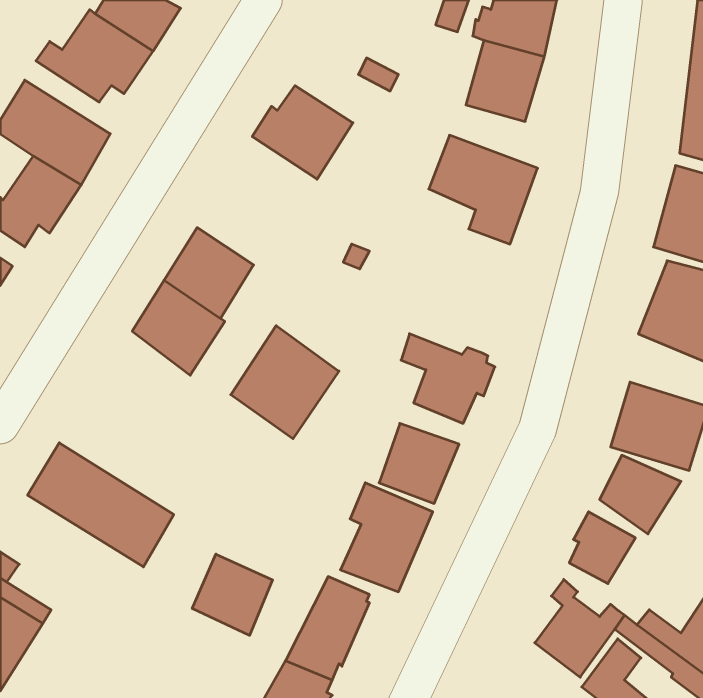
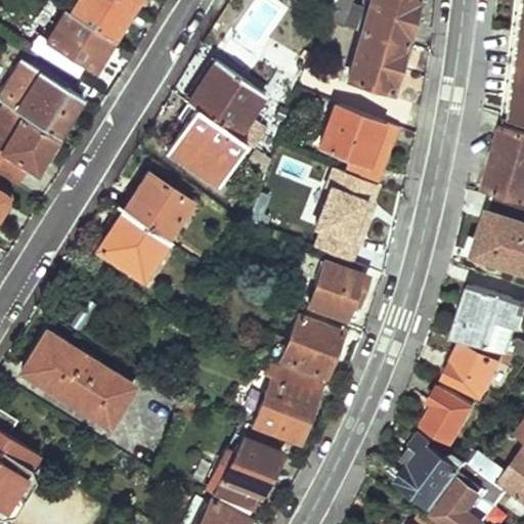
building: none -> [168,106,245,185]
building: none -> [324,182,386,267]
building: [231,326,339,439] -> none
building: [192,554,273,635] -> none

